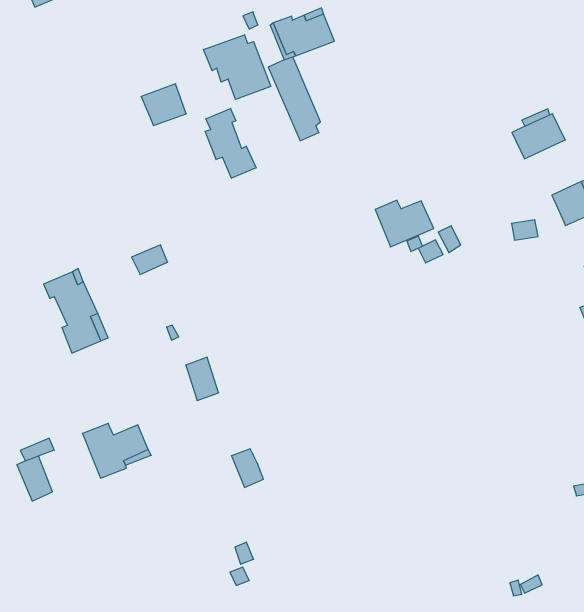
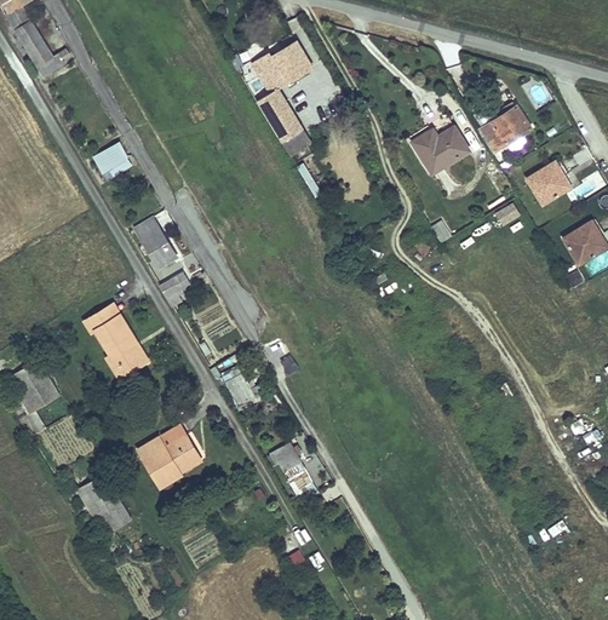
building: [204,35,271,99] -> none
building: [141,84,186,125] -> [90,139,132,179]
building: [205,108,256,178] -> none
building: none -> [133,217,176,266]
building: [375,200,434,247] -> [413,127,468,172]

